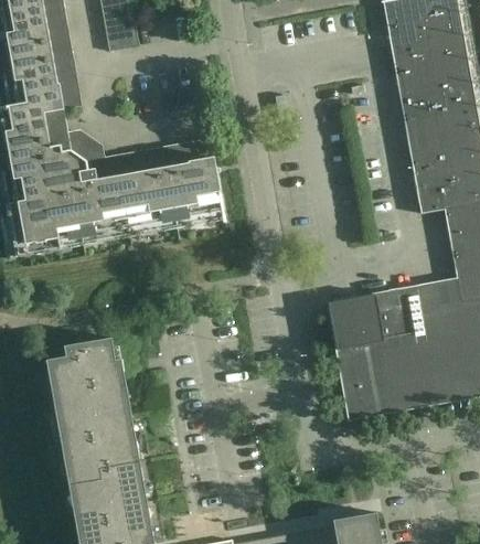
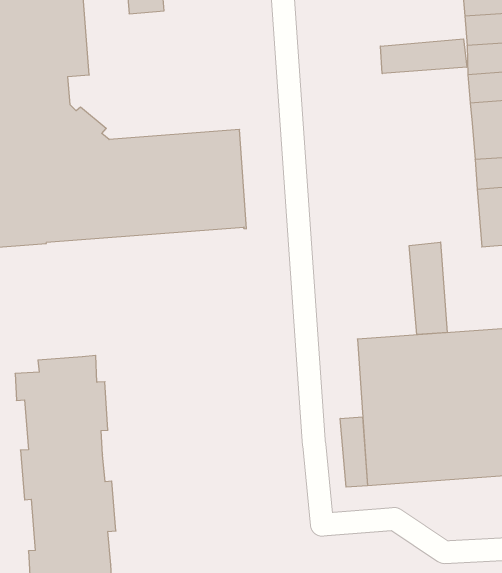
building: none -> [380,39,467,74]
building: none -> [409,242,447,335]
building: none -> [340,417,367,487]

